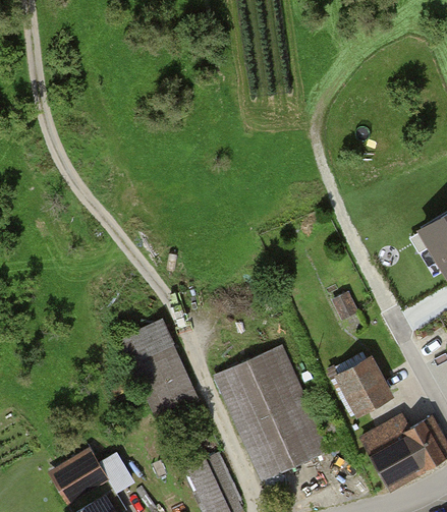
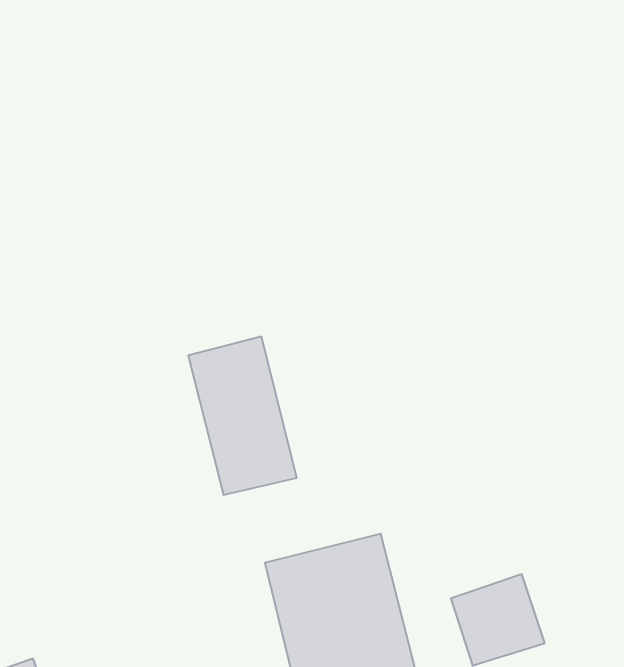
building: [120,320,197,417] -> [188,337,297,495]

